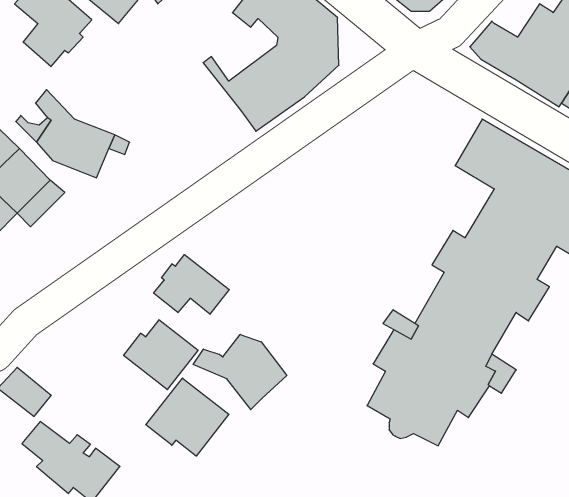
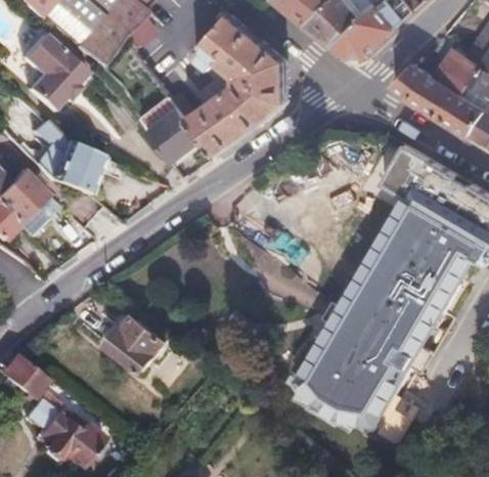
building: none -> [139,95,204,163]
building: [154,255,229,314] -> none
building: [193,334,287,410] -> none
building: [146,378,229,456] -> none

